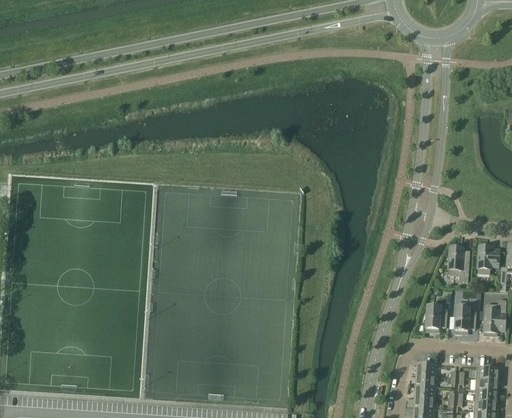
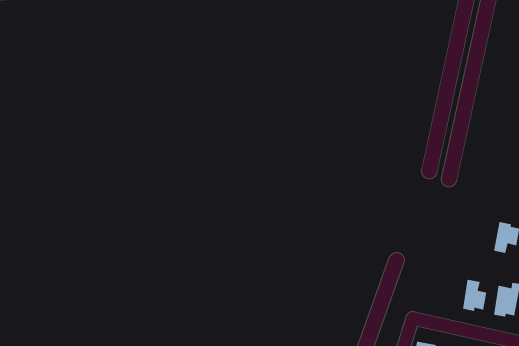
building: [448,245,469,279] -> none
building: [426,304,447,327] -> none

